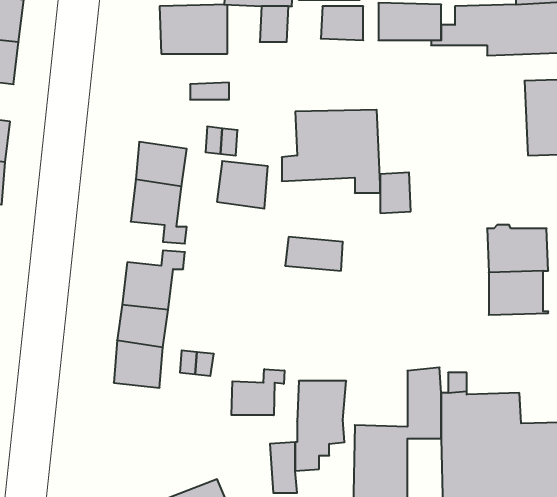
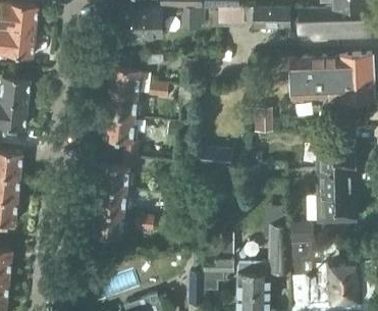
building: [282,110,380,193] -> [282,54,341,104]
building: [217,161,268,209] -> [108,66,139,95]
building: none -> [318,194,354,222]
building: [231,369,284,415] -> none

